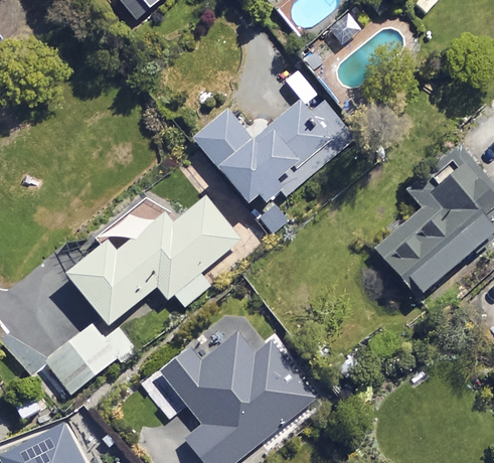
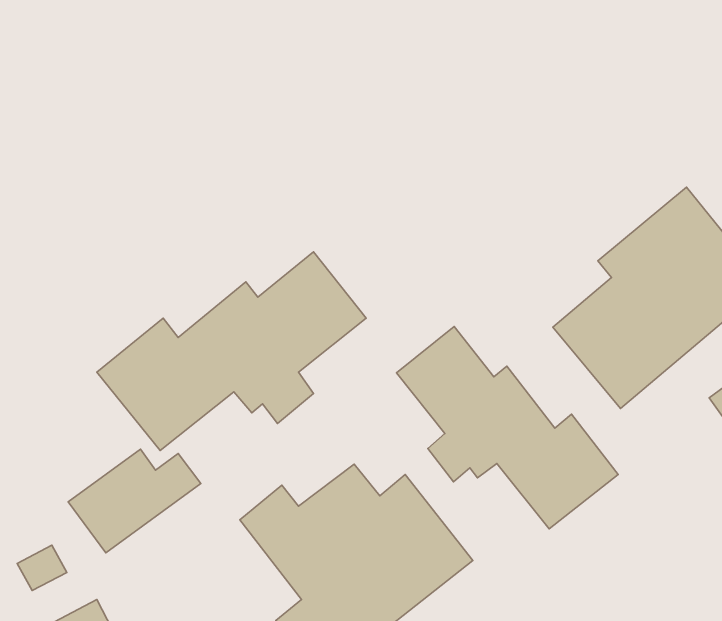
building: [192,101,357,241] -> none
building: none -> [397,327,618,529]

